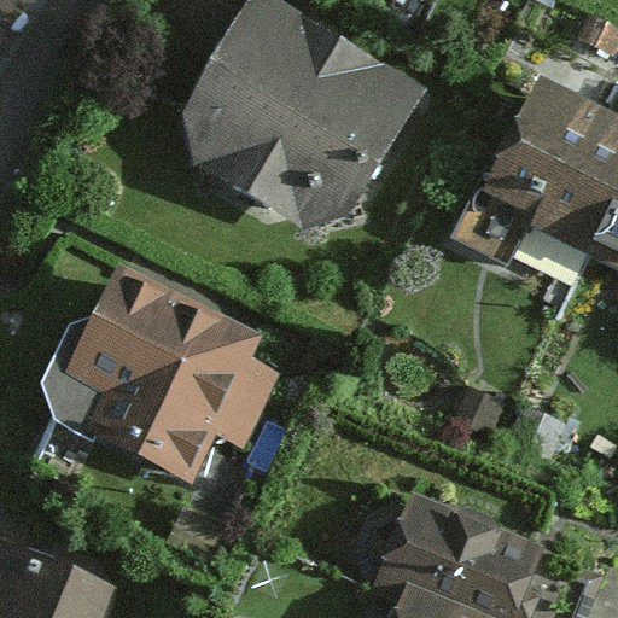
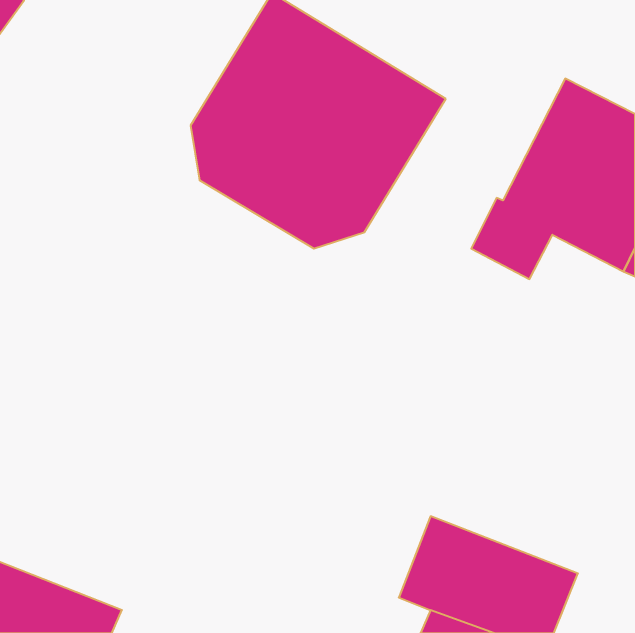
building: [75,269,279,479] -> none

